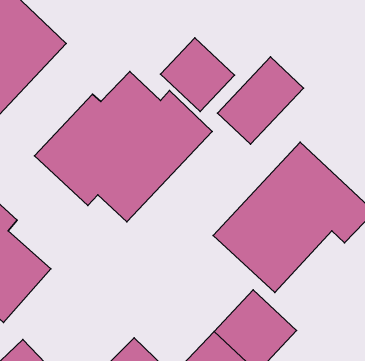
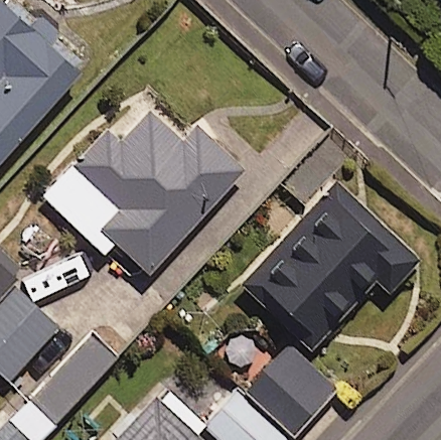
building: [161,38,234,111] -> none
building: [218,57,303,144] -> none

